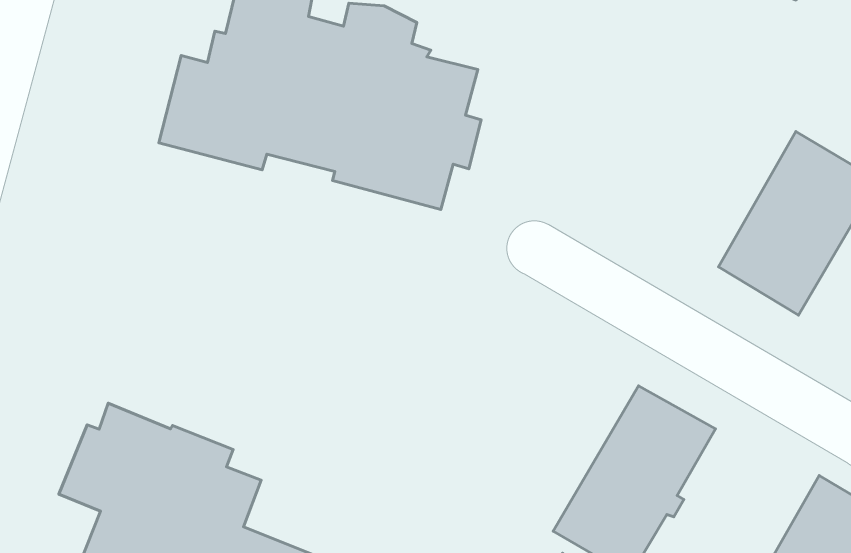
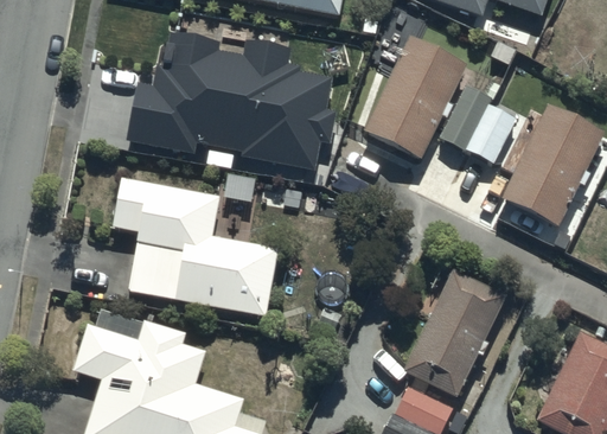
building: none -> [363,32,466,153]
building: none -> [439,81,515,159]
building: none -> [113,174,280,315]

